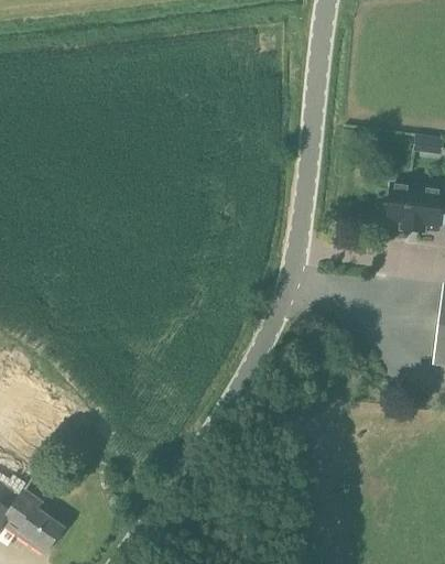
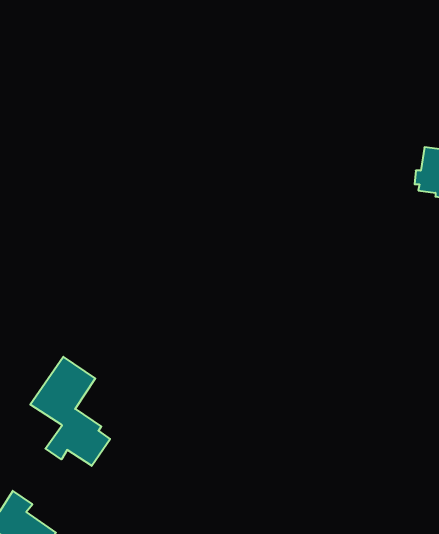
building: none -> [30,357,110,466]

